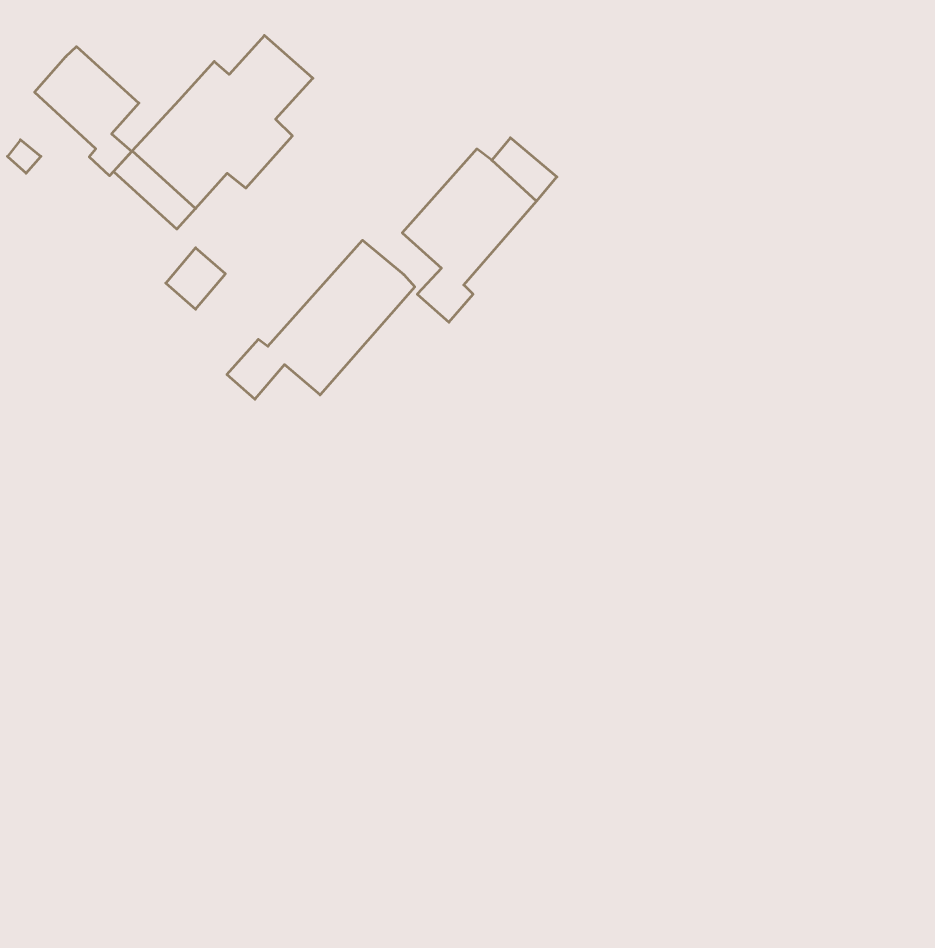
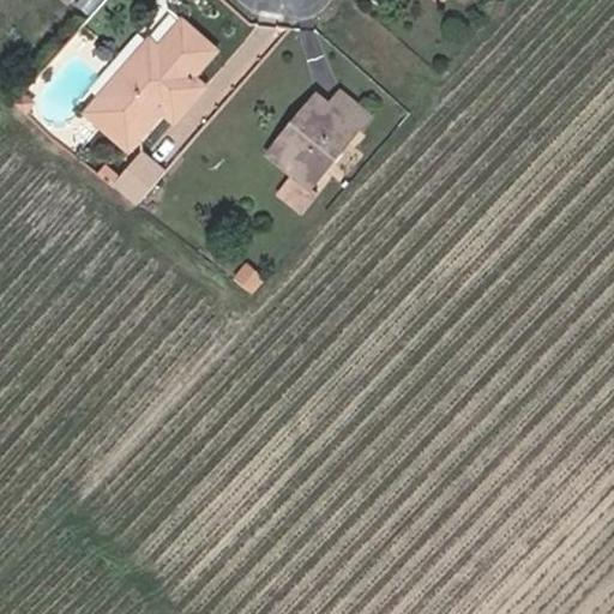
building: [35,47,139,176] -> none
building: [227,240,415,399] -> none

